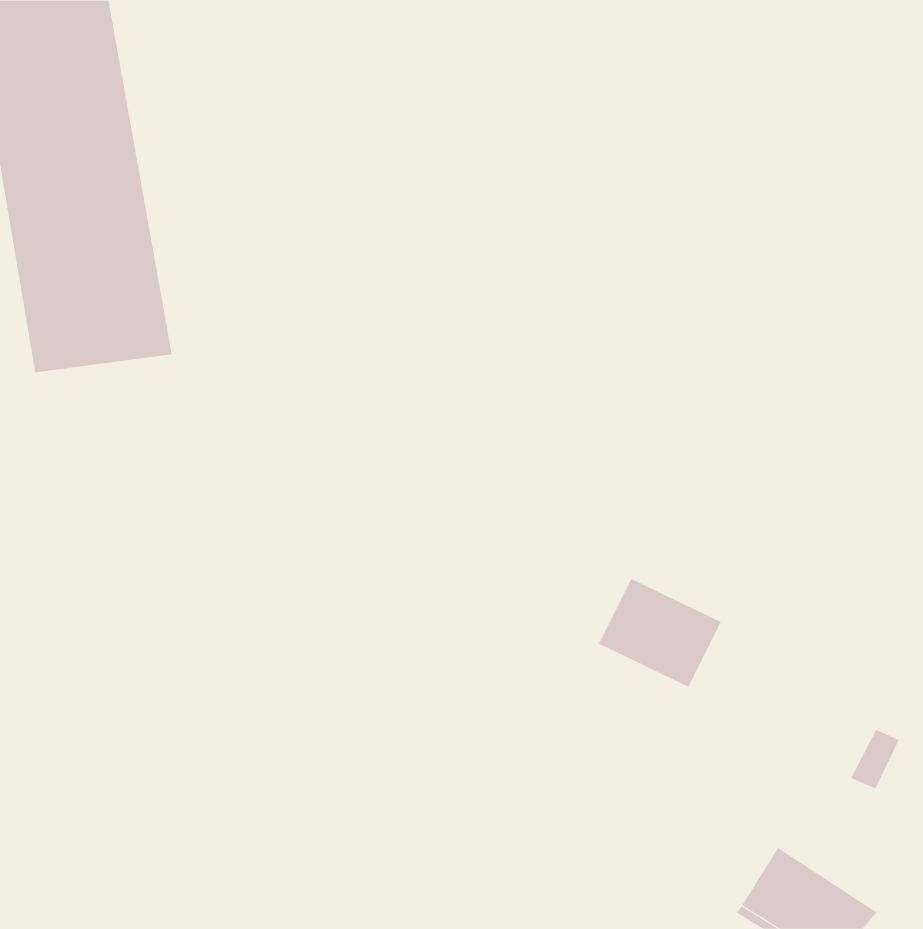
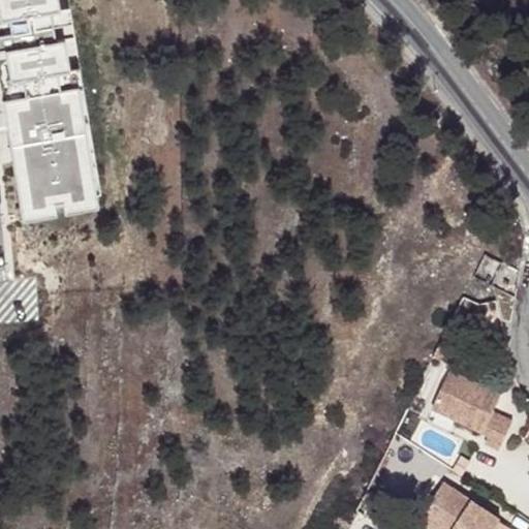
building: [598,578,722,687] -> [431,370,501,432]

